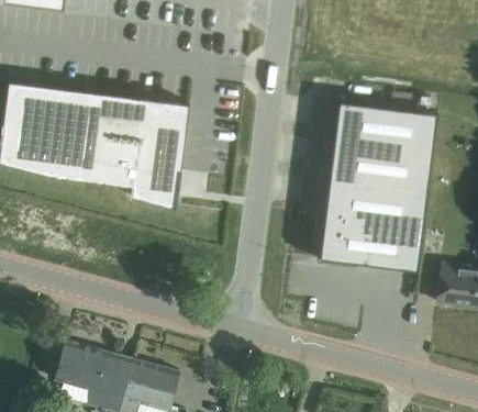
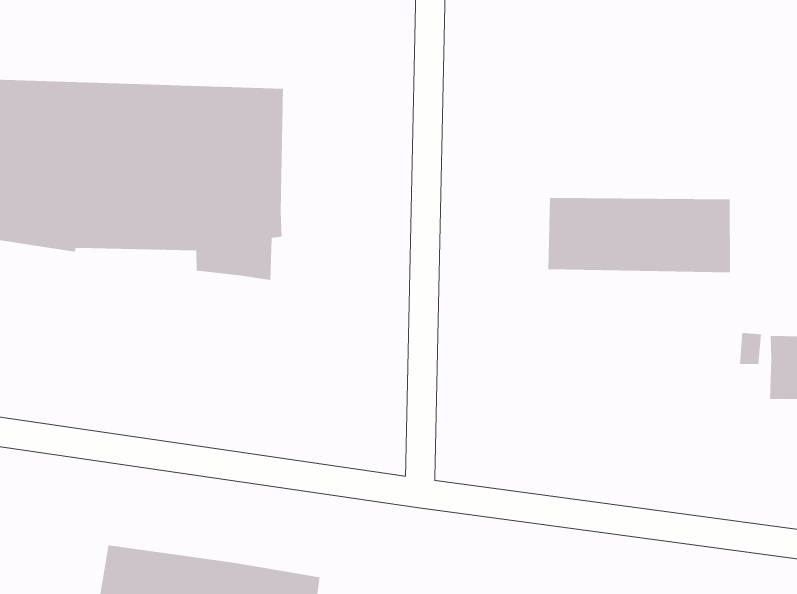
building: [327,99,436,190] -> none
building: [315,218,422,270] -> none

